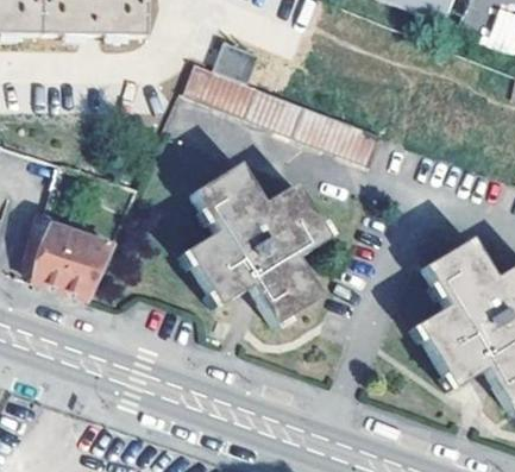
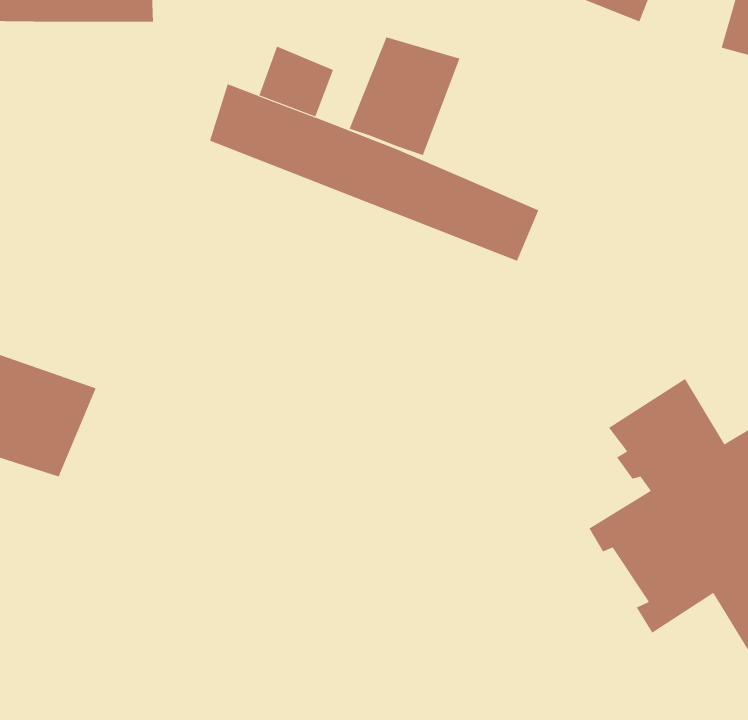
building: none -> [349,37,460,156]
building: [180,164,328,332] -> none

